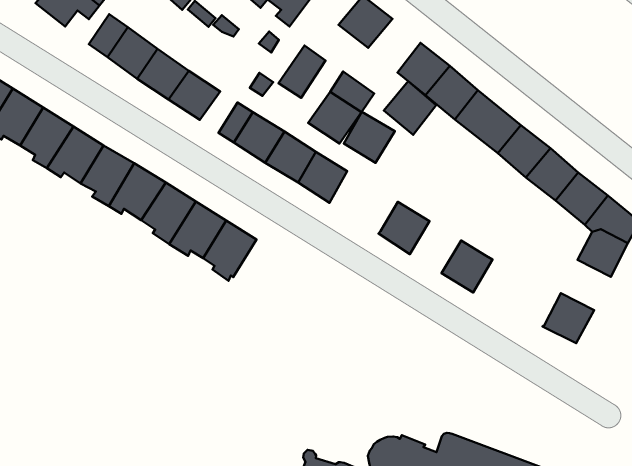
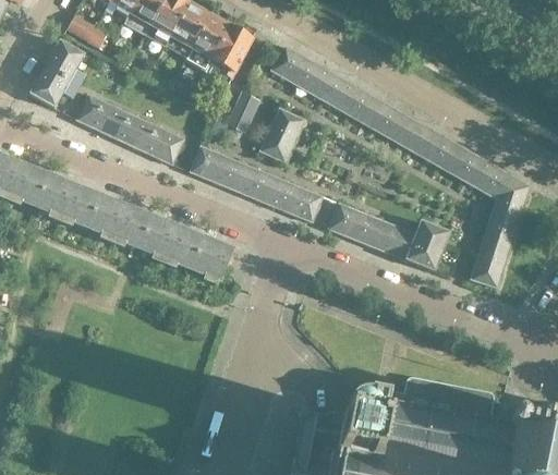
building: [384,81,436,135] -> [295,59,336,100]
building: [344,112,395,163] -> [286,184,324,222]
building: none -> [355,212,393,252]
building: none -> [410,220,451,272]
building: none -> [478,223,515,260]

